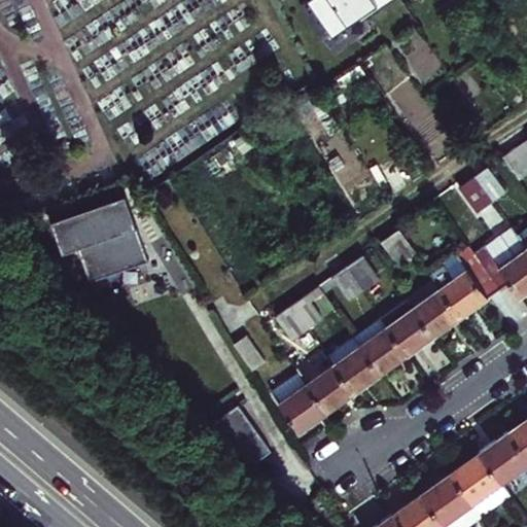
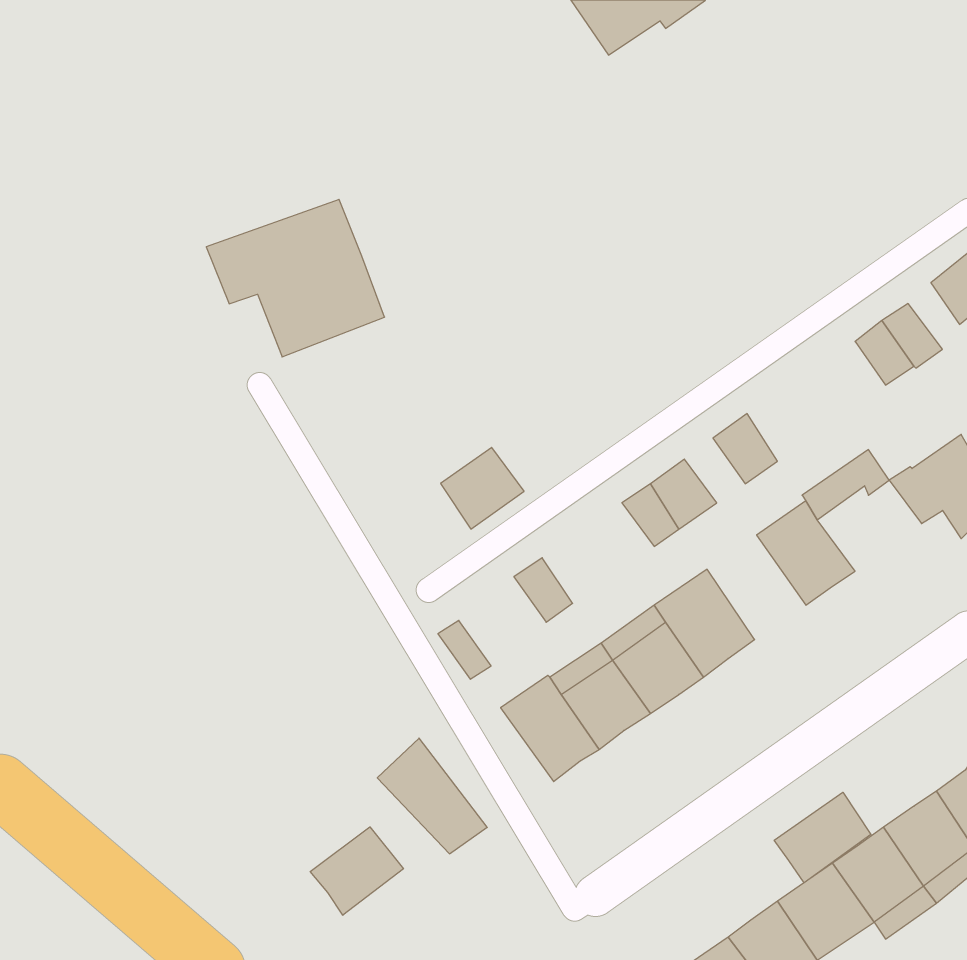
building: [46,196,143,281] -> [206,199,385,357]
building: [445,266,501,315] -> none
building: [295,288,341,332] -> [441,447,524,529]
building: [385,295,438,352] -> none
building: none -> [774,792,871,883]
building: none -> [310,827,403,915]

